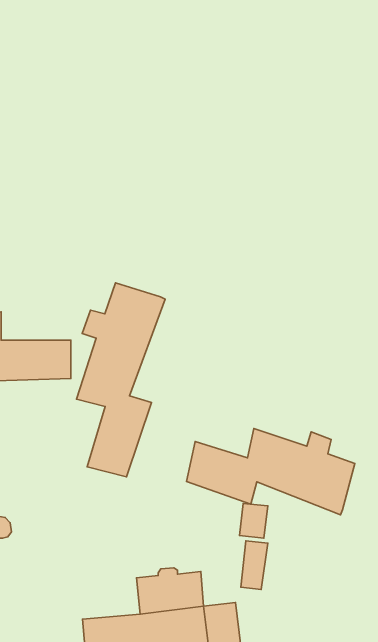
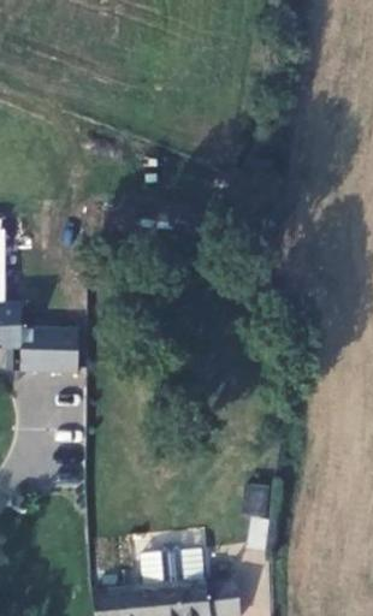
building: [77,283,165,477] -> none
building: [186,428,355,515] -> none

